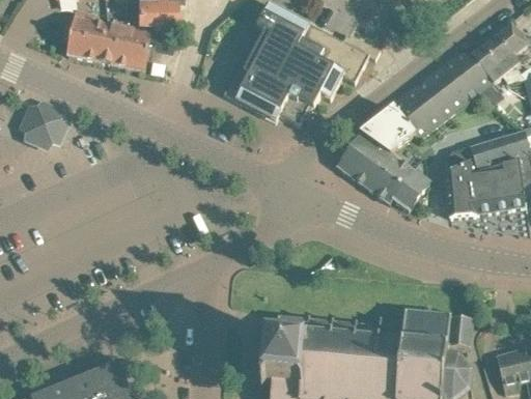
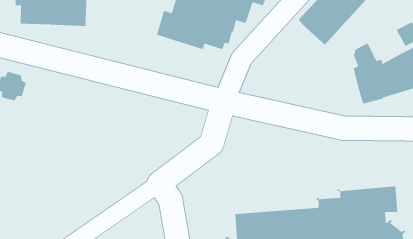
building: [337,107,428,209] -> none
building: [469,136,510,168] -> none

